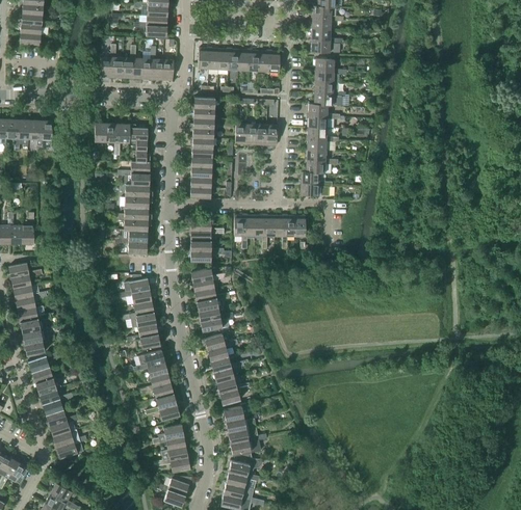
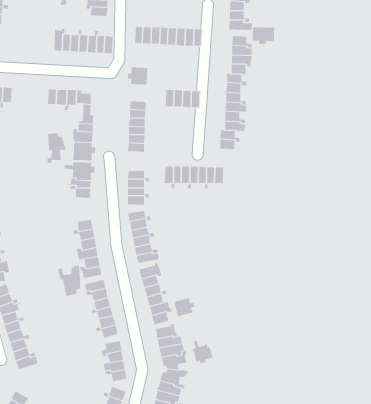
building: none -> [252,26,275,45]
building: [189,117,214,138] -> none
building: none -> [47,133,66,163]
building: none -> [58,265,81,297]
building: none -> [173,297,195,317]
building: none -> [192,340,213,364]

